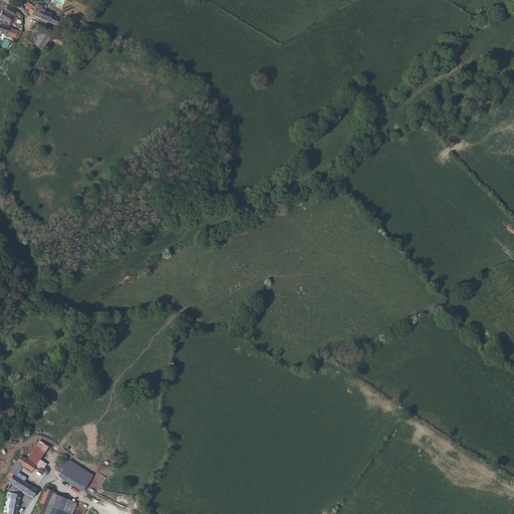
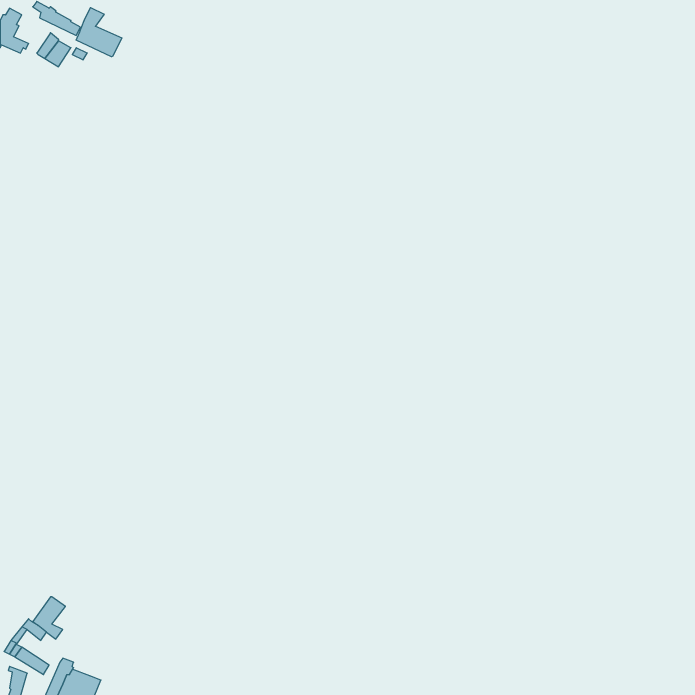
building: none -> [76,8,122,57]
building: [58,459,92,492] -> none

